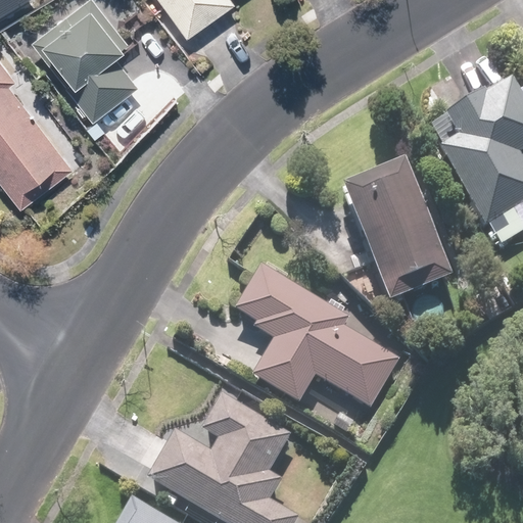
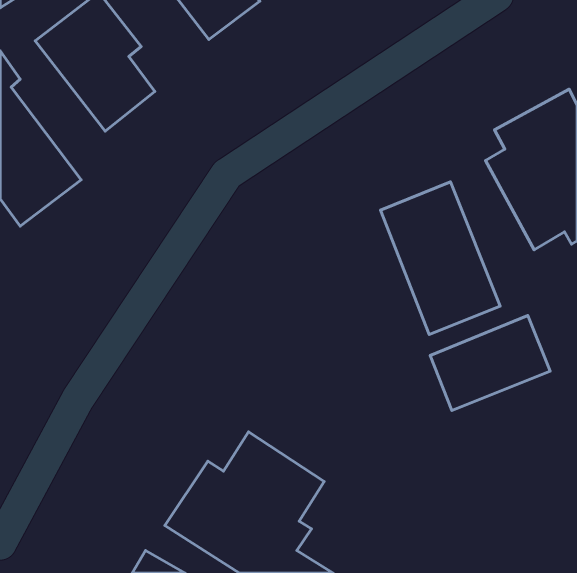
building: [231,266,400,408] -> none
building: none -> [430,315,550,410]

